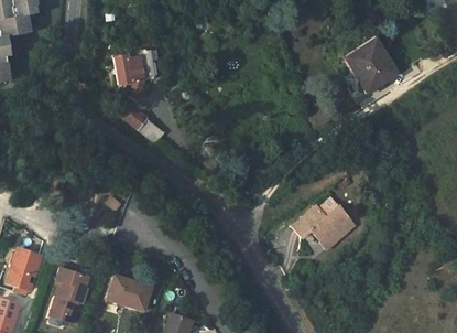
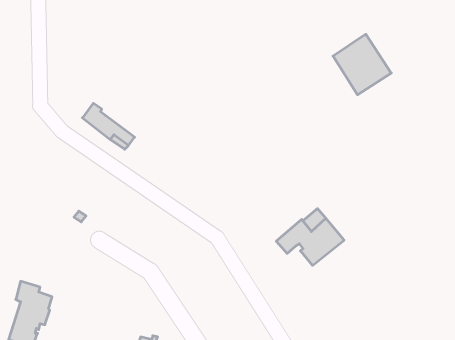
building: [113,51,154,94] -> none
building: [107,275,151,310] -> none

